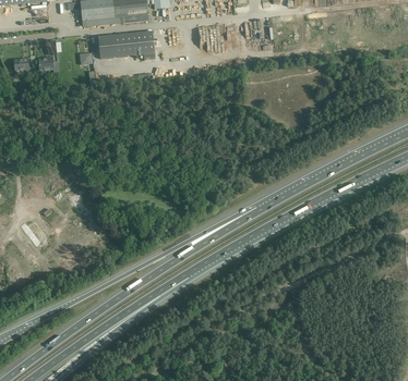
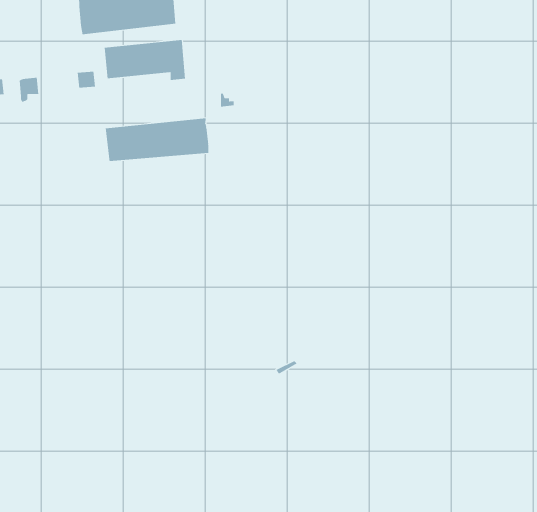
building: none -> [105,118,209,162]

